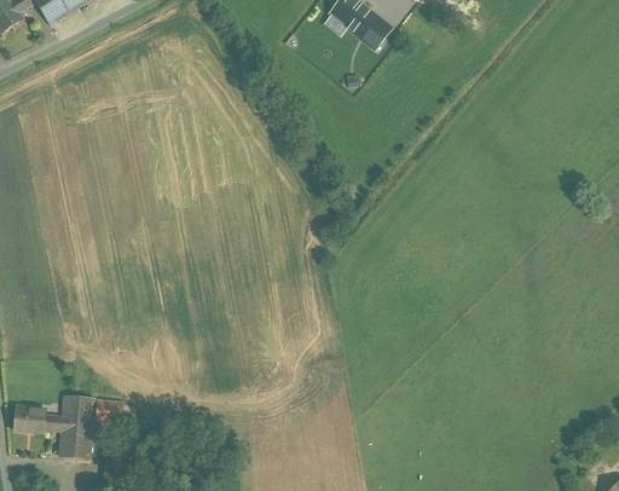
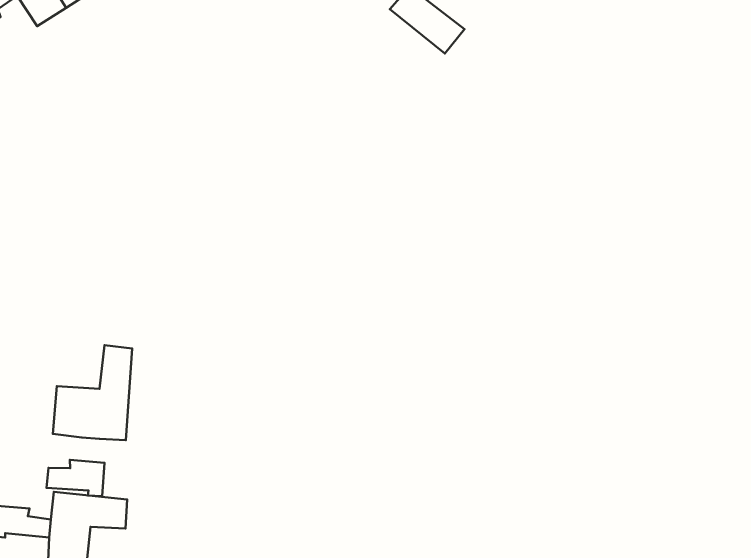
building: none -> [53,345,132,440]
building: none -> [47,460,104,496]

